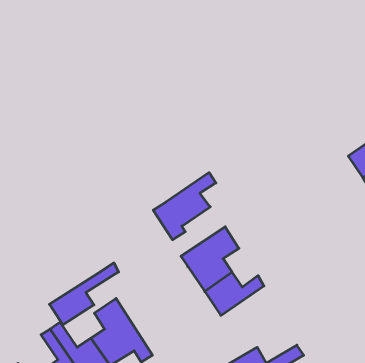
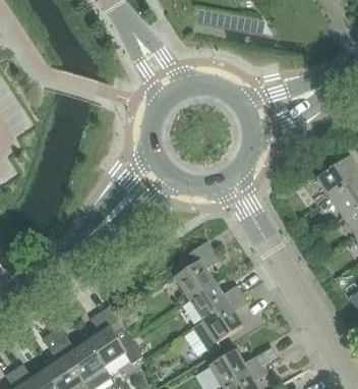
building: [153,173,216,240] -> [192,295,248,355]
building: [49,263,119,325] -> none

